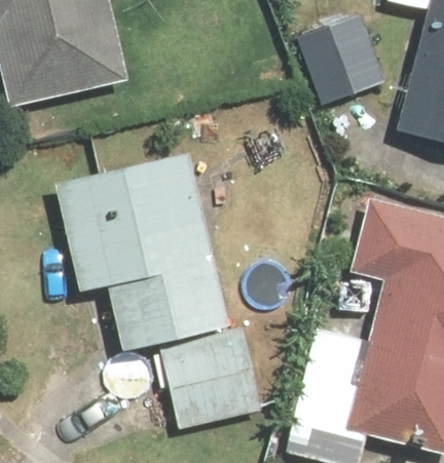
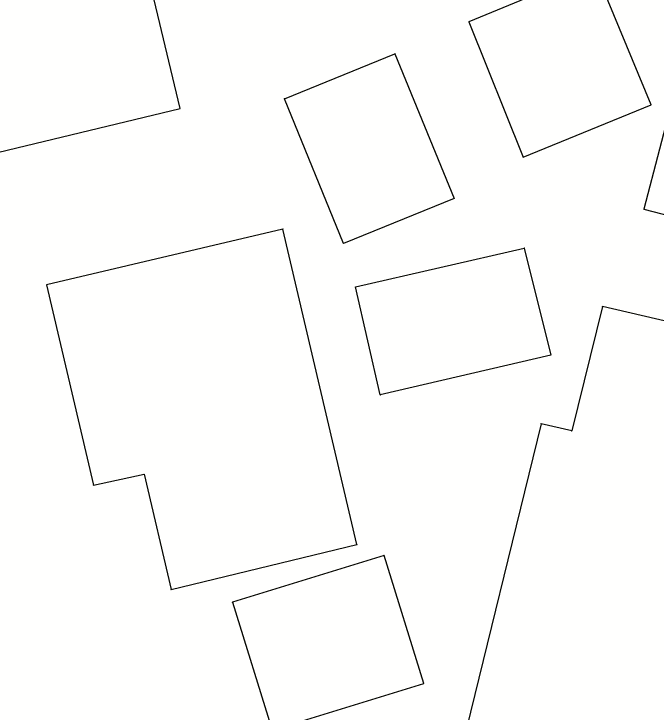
building: none -> [284,54,454,243]
building: none -> [356,248,551,395]

